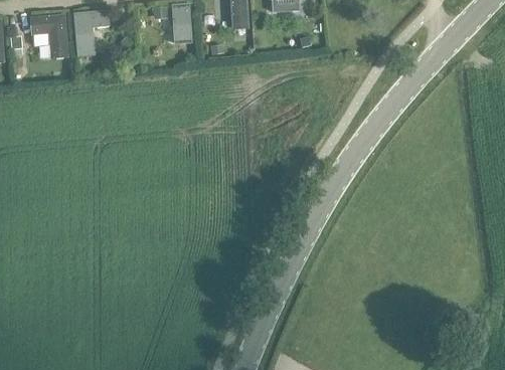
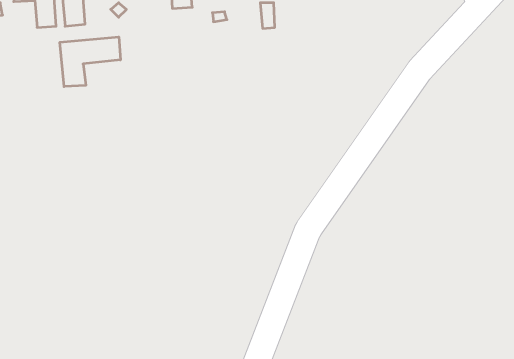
building: none -> [60,37,120,87]

